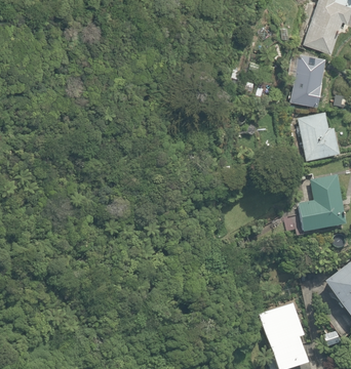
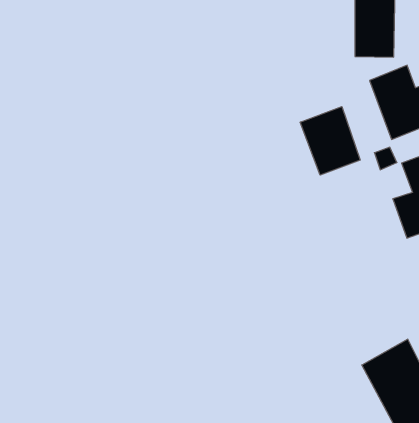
building: none -> [300,107,360,175]

